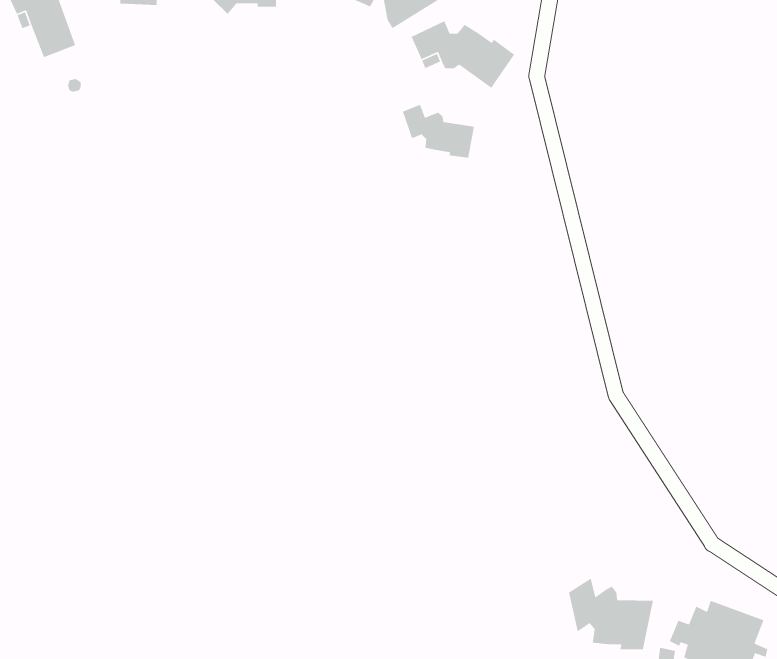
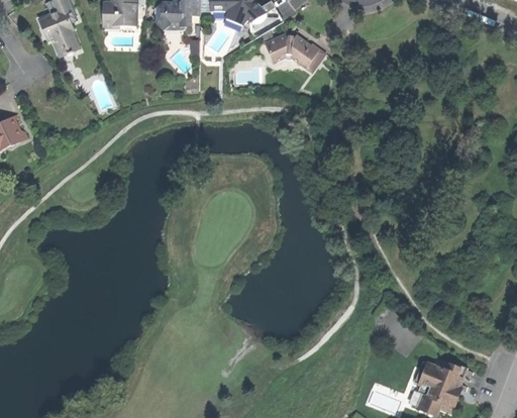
building: [402,104,475,158] -> none
building: [568,577,654,650] -> none

